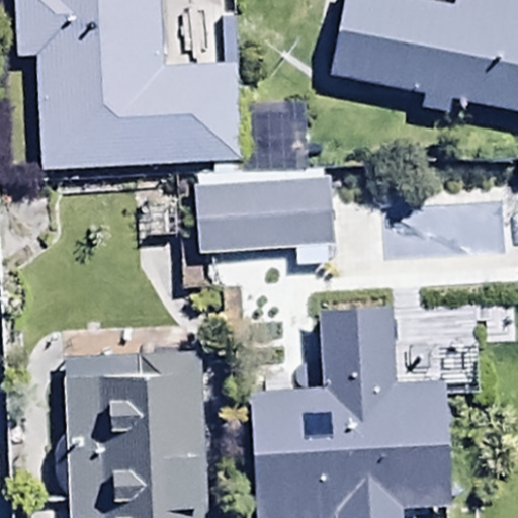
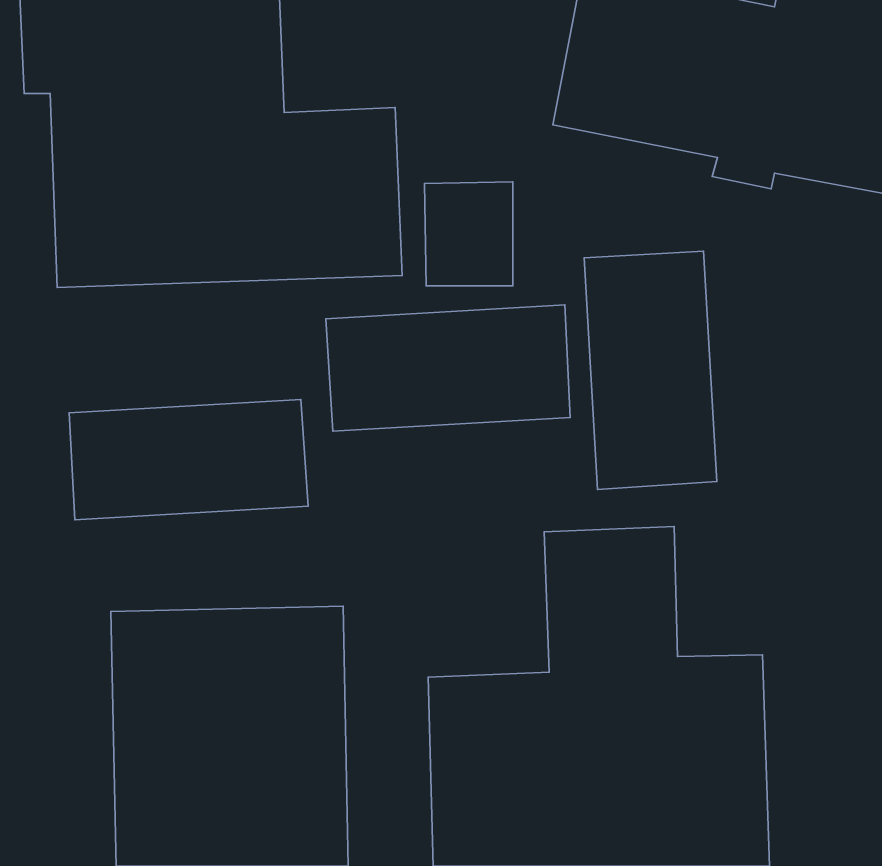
building: none -> [584,251,717,490]
building: none -> [69,400,308,520]

